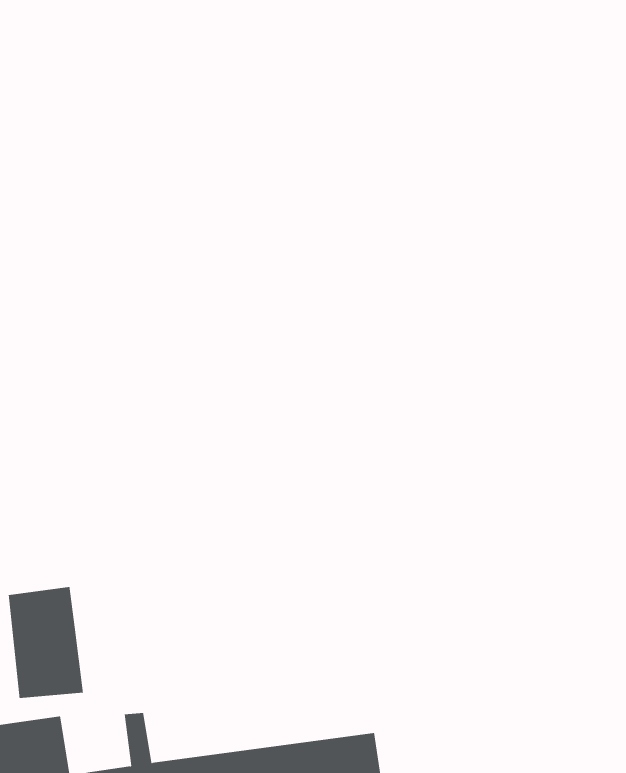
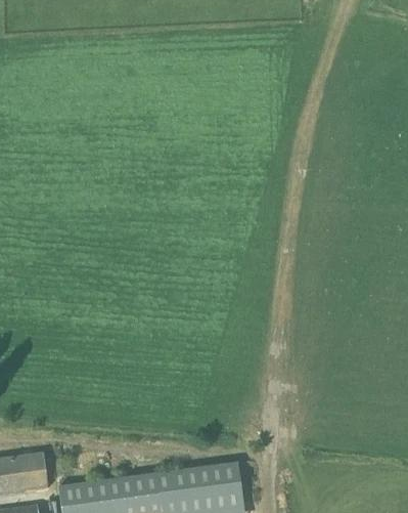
building: [8,586,84,699] -> none

